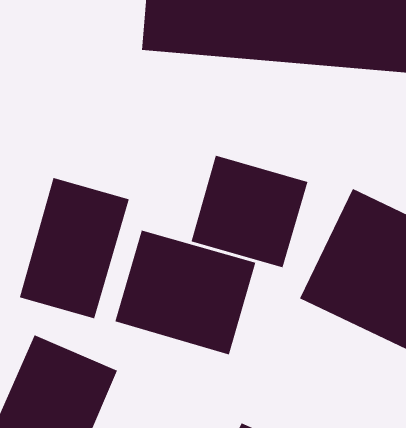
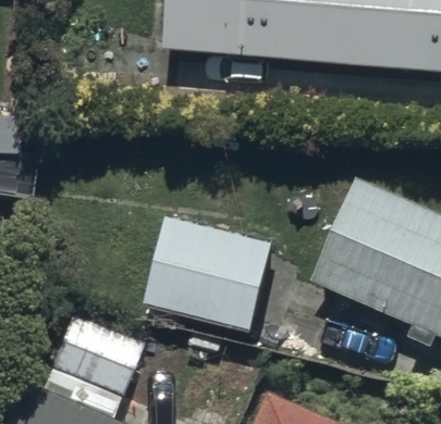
building: [191,155,308,268] -> none
building: [19,177,130,319] -> none

